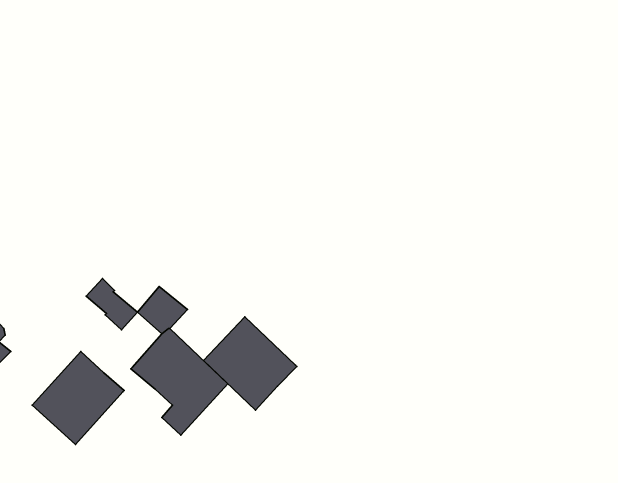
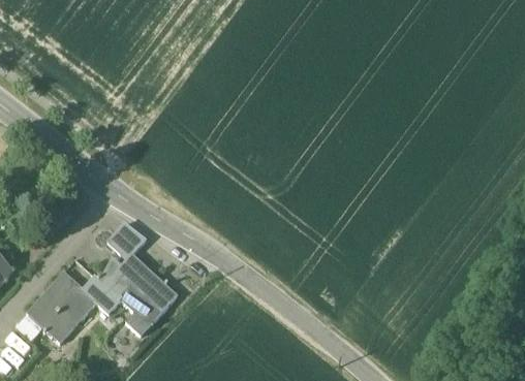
building: [86,278,138,330] -> [82,275,121,314]
building: [204,317,297,410] -> none

